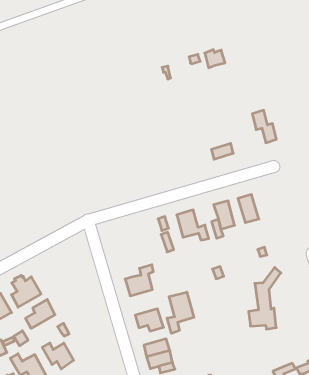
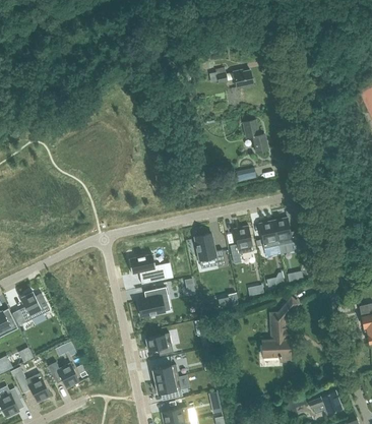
building: [252,110,276,143] -> [244,119,267,153]
building: none -> [272,218,301,249]
building: none -> [128,255,164,287]
building: [167,292,194,333] -> none
building: [26,299,55,328] -> none

